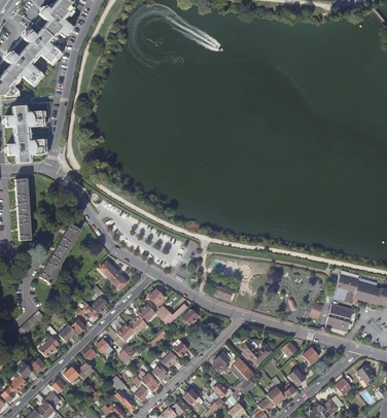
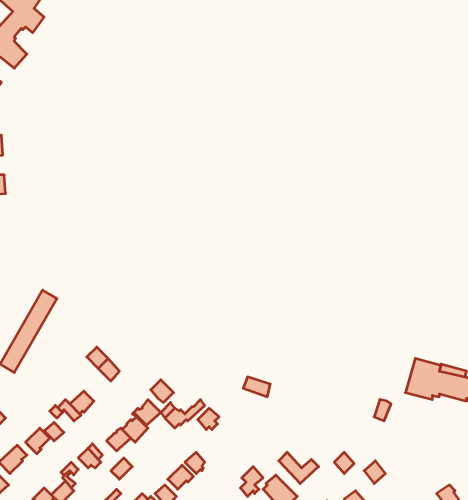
building: [325,304,352,330] -> none

